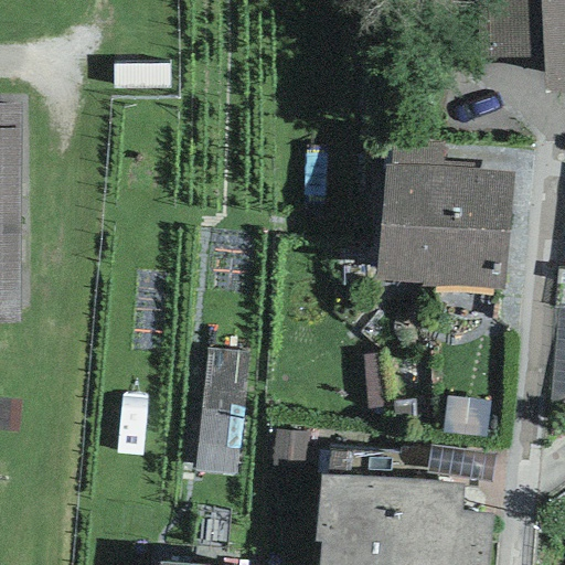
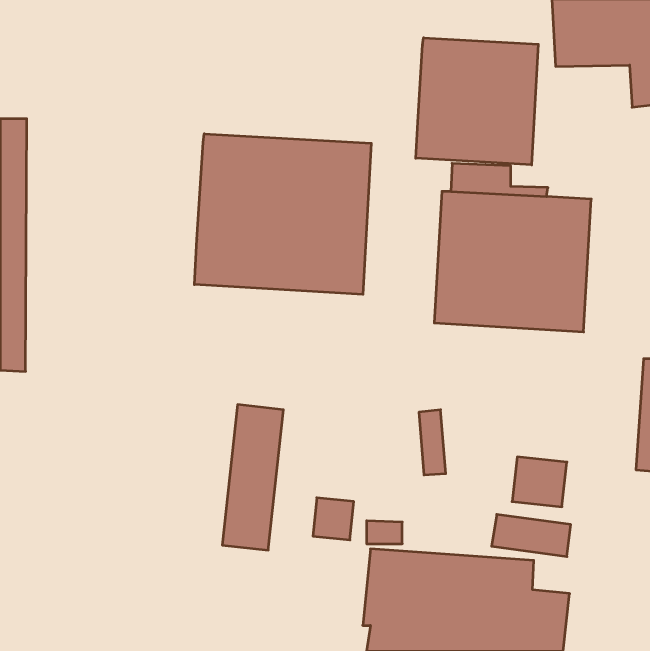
building: none -> [416,38,538,165]
building: none -> [194,134,371,294]

